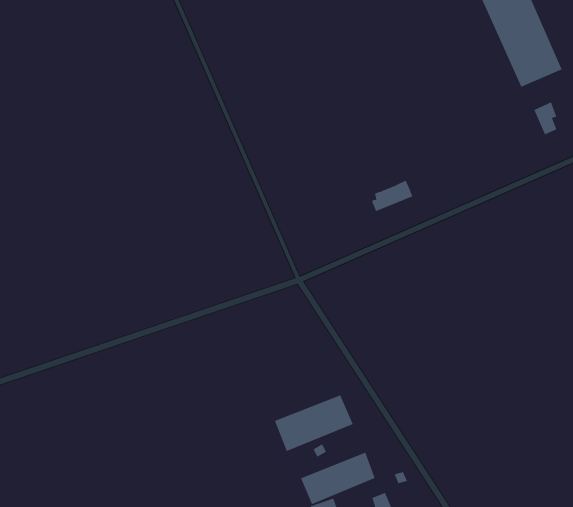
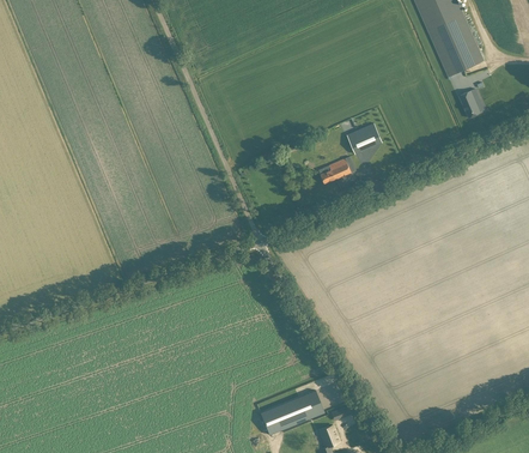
building: none -> [347,123,383,153]
building: [274,394,354,452] -> none

